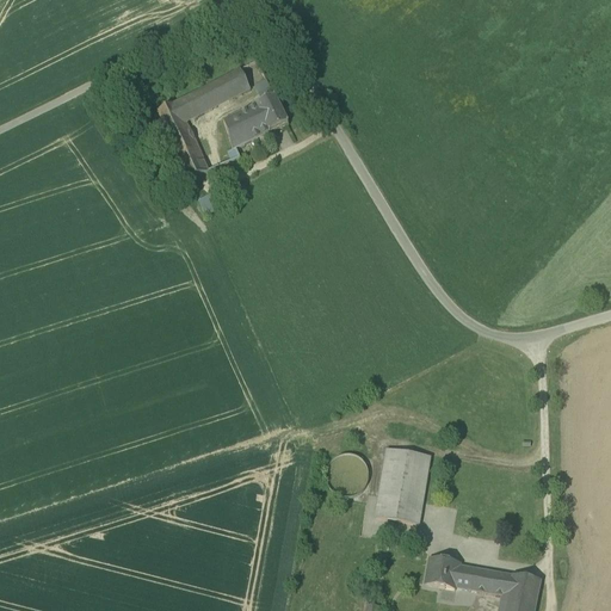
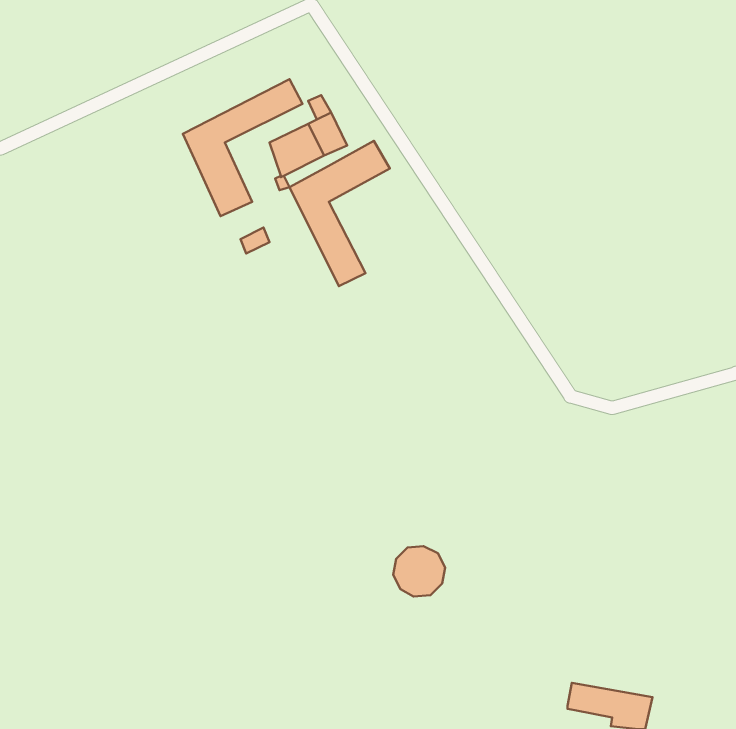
building: none -> [290,141,390,286]
building: [375,448,431,523] -> none
building: [427,556,474,588] -> none

